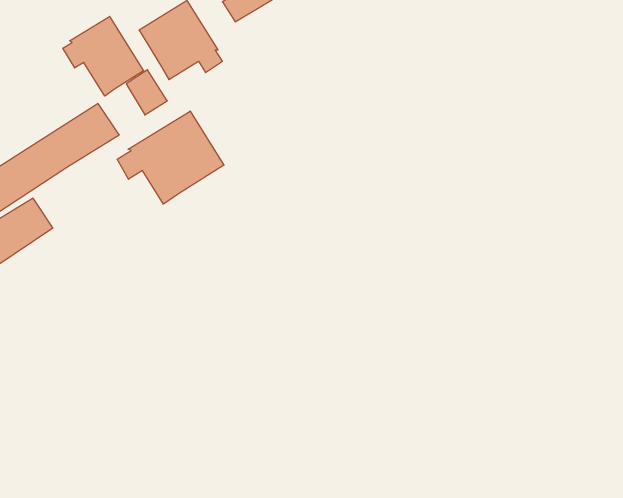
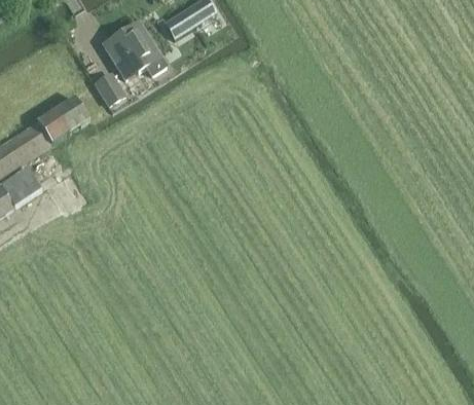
building: [63,16,144,96] -> none
building: [117,111,224,204] -> none

